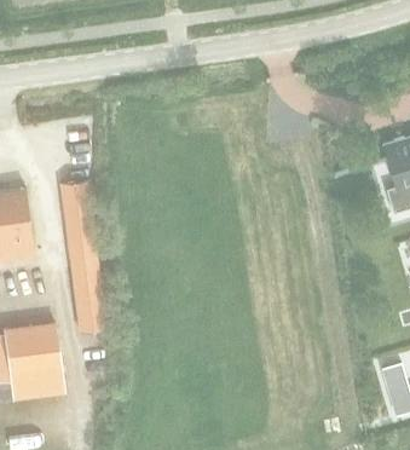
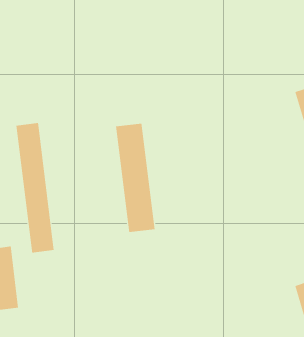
building: none -> [116,123,155,233]

